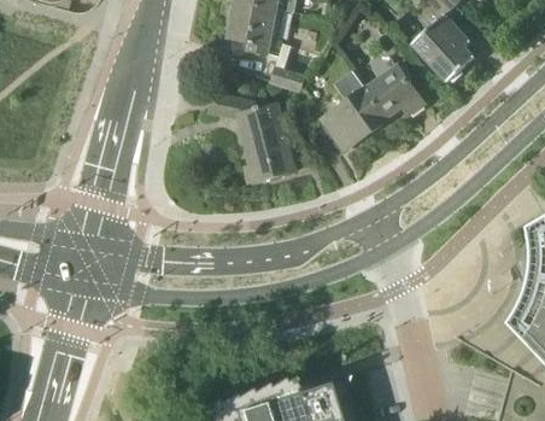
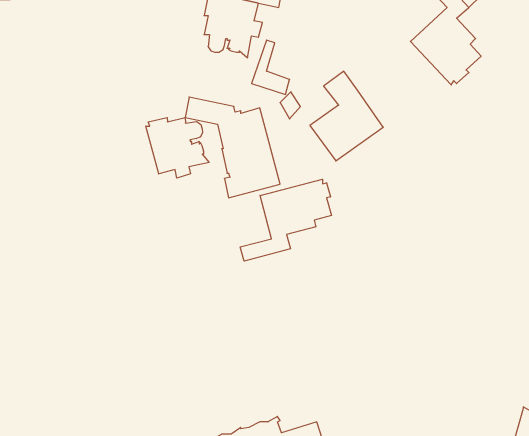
building: [364,65,424,119] -> none
building: none -> [146,117,209,178]
building: none -> [240,179,331,261]

